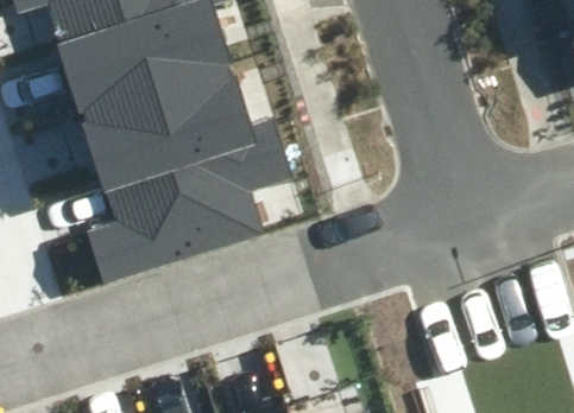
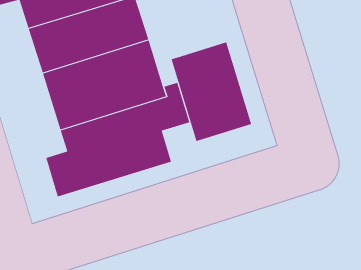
building: none -> [171,41,252,142]

